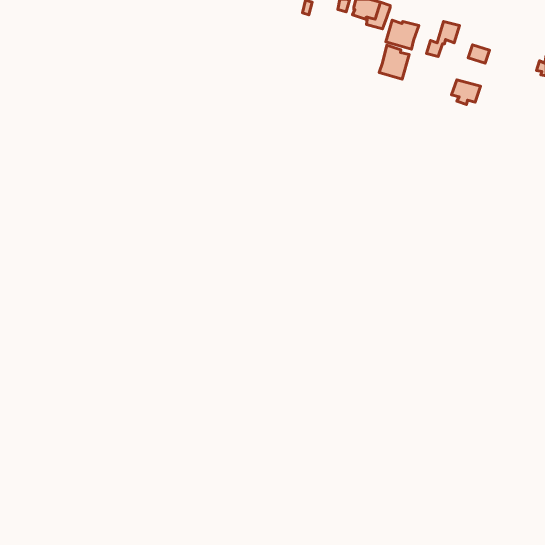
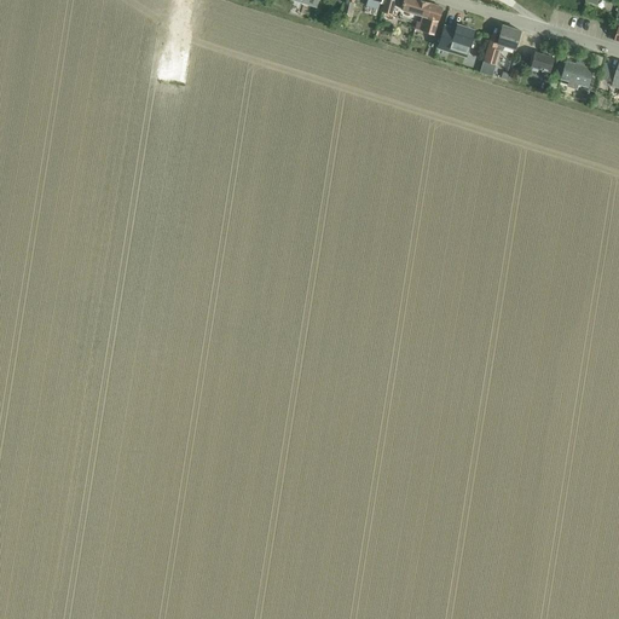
building: [379,45,409,79] -> none
building: [452,80,480,104] -> [561,60,594,88]

